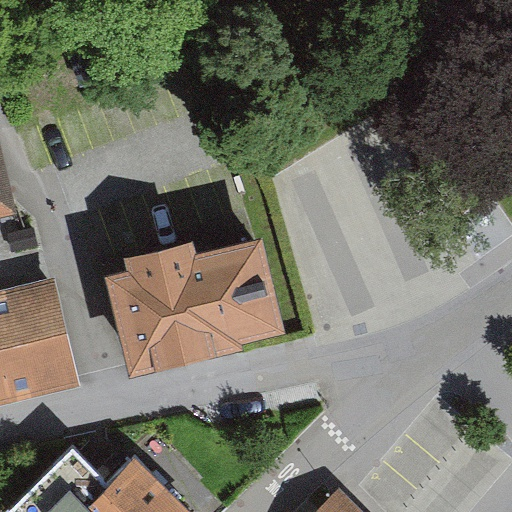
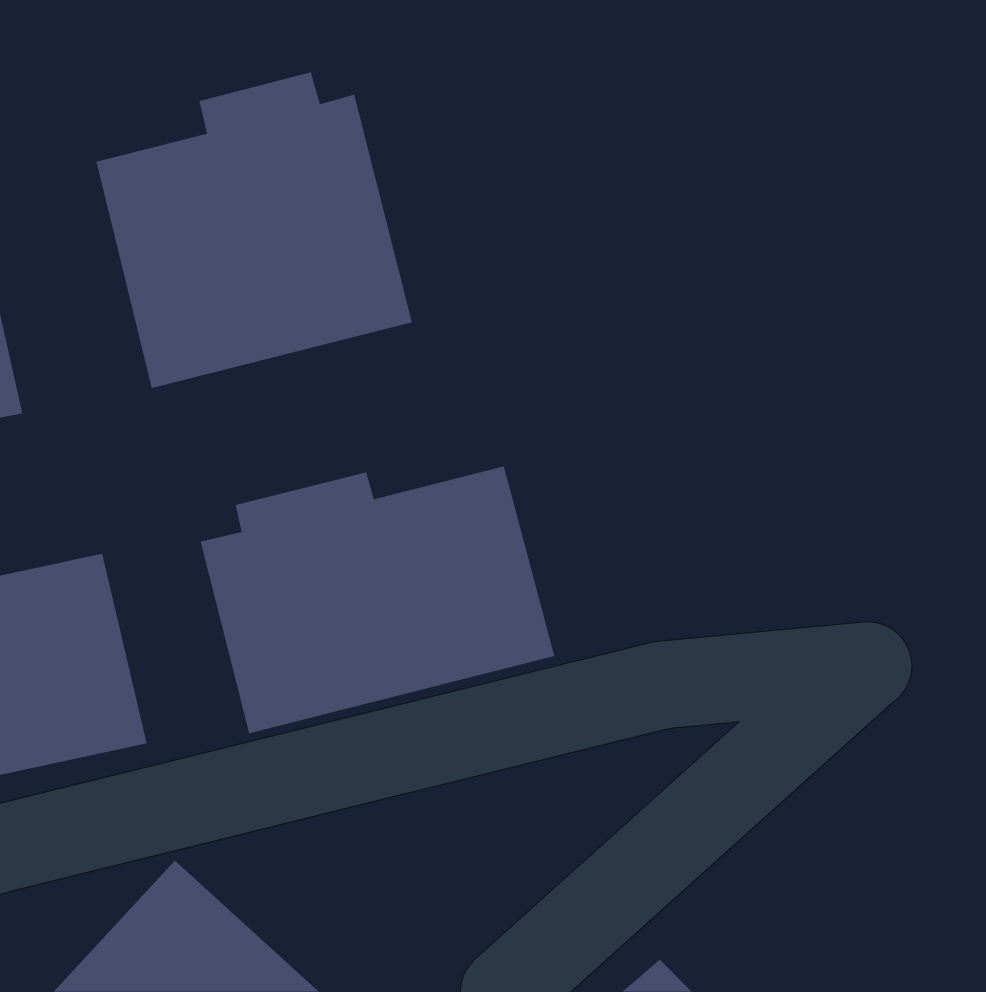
building: none -> [96,72,412,389]

